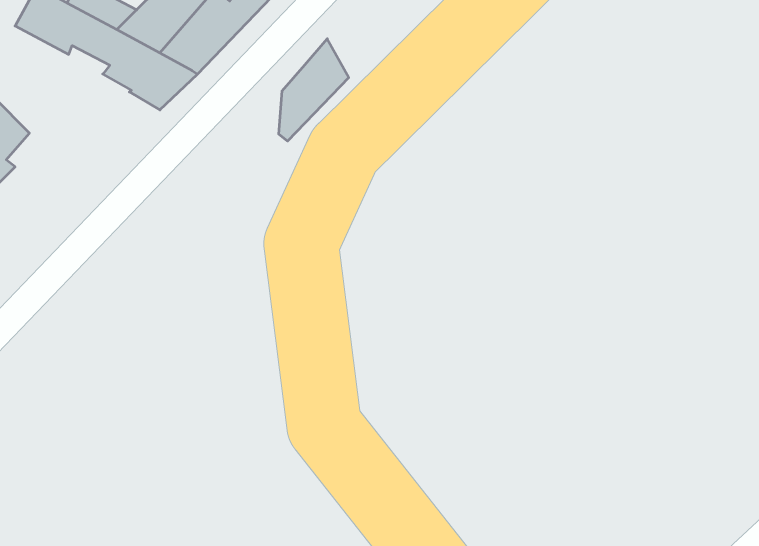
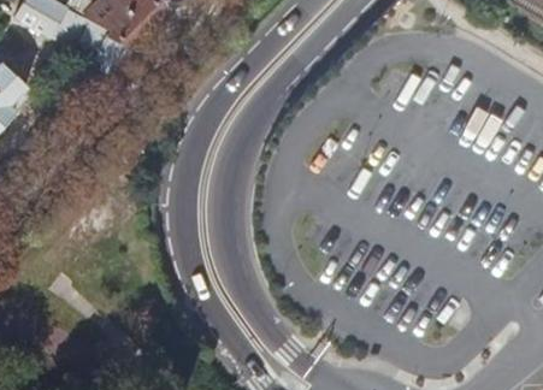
building: [279,39,349,141] -> none

